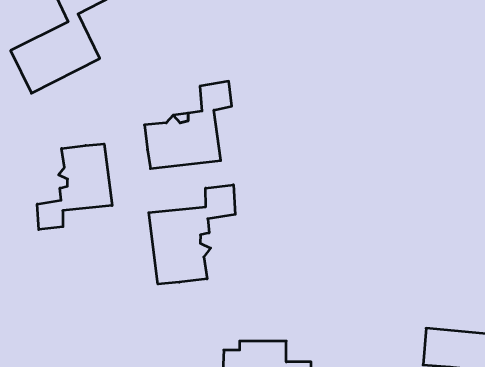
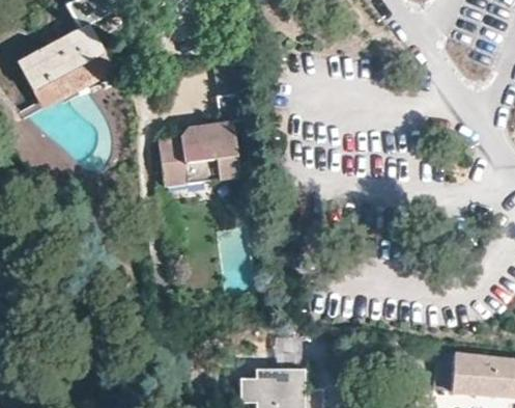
building: [37,144,112,230] -> none
building: [149,185,235,284] -> none

